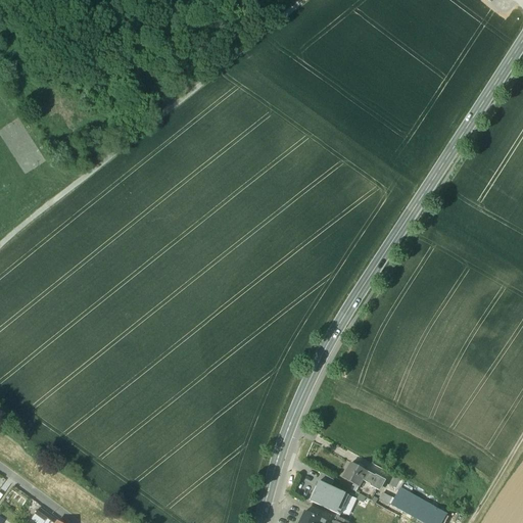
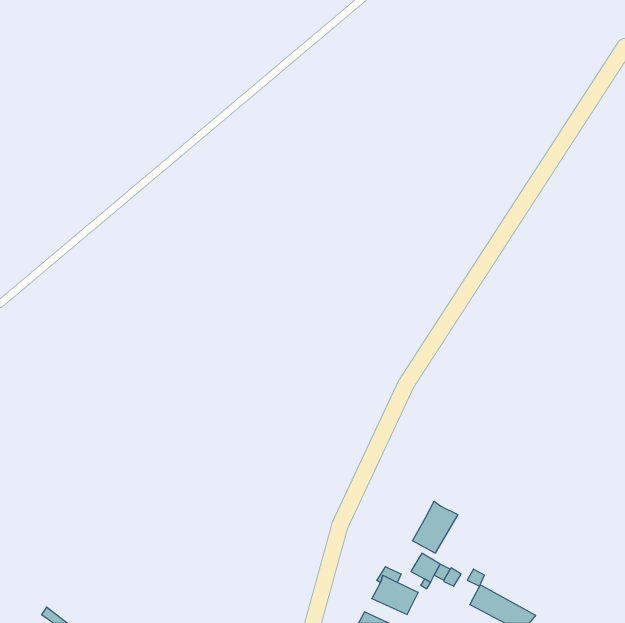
building: none -> [412,501,458,553]

